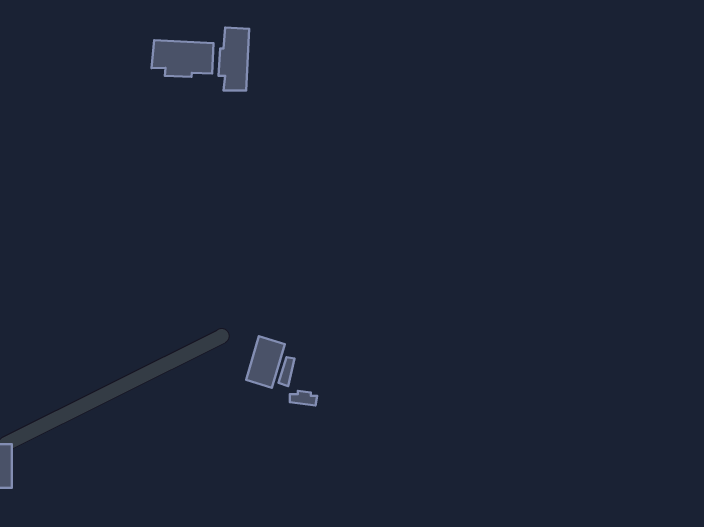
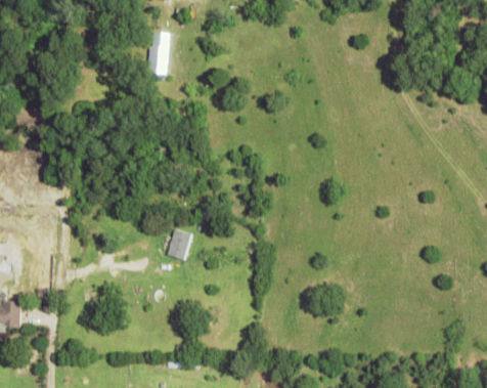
building: [151,40,213,77] -> none

